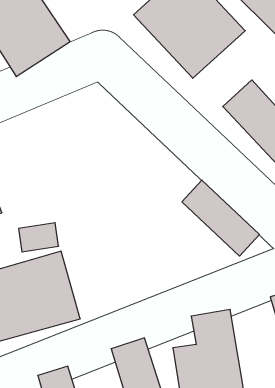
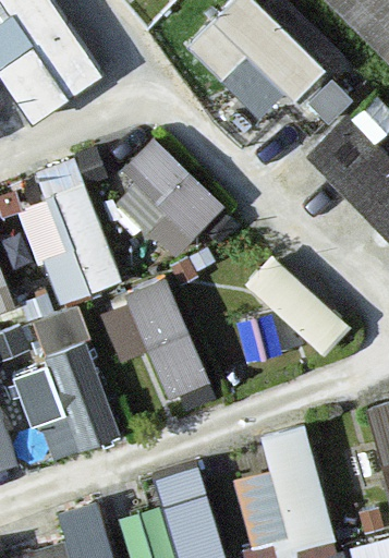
building: none -> [111,140,224,254]
building: none -> [20,156,122,303]
building: none -> [98,276,211,396]

